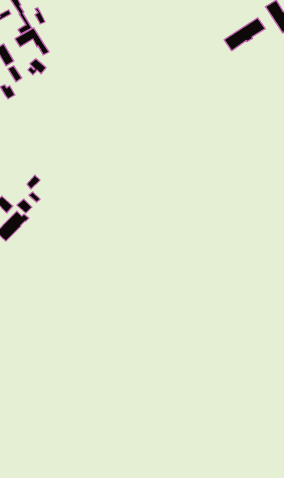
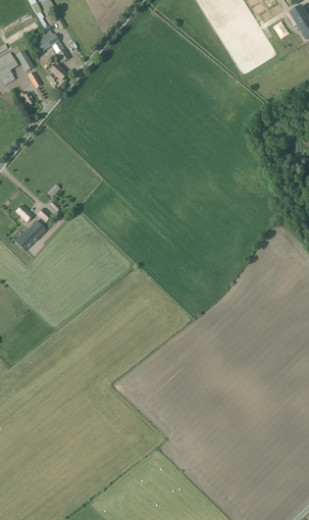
building: [224,18,265,51] -> none

